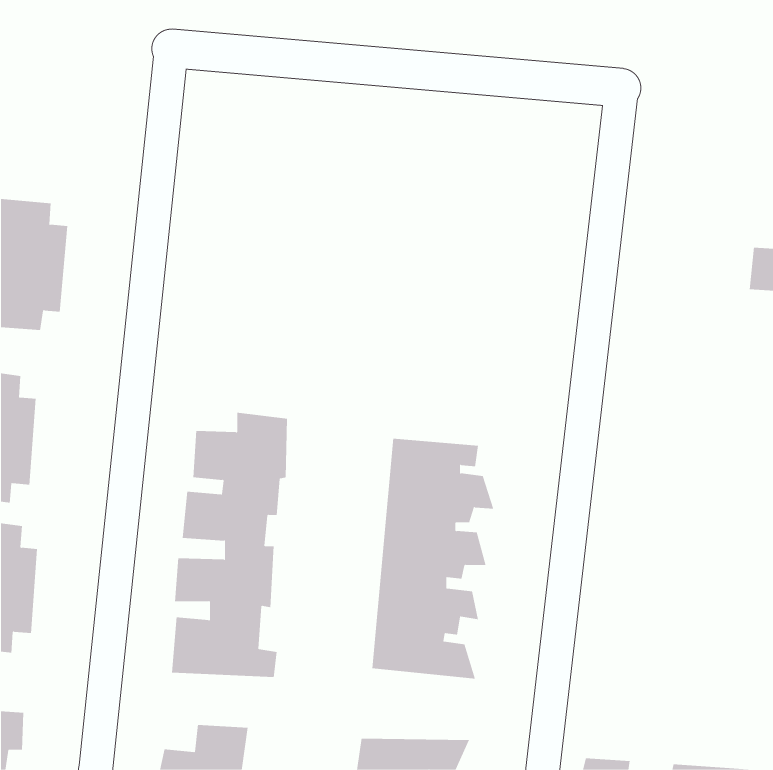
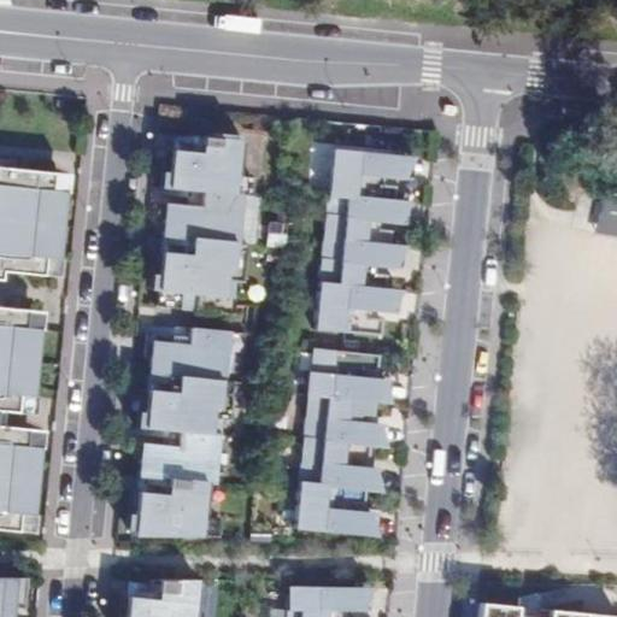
building: none -> [159,135,245,295]
building: none -> [315,149,418,337]

